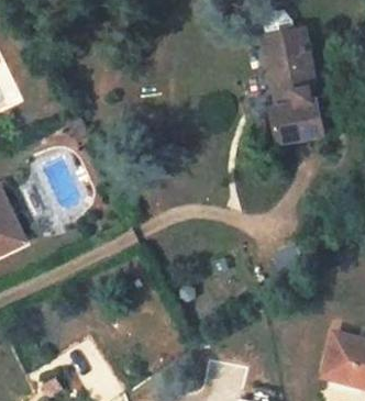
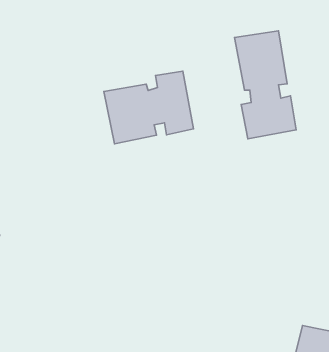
building: none -> [104,71,193,144]

